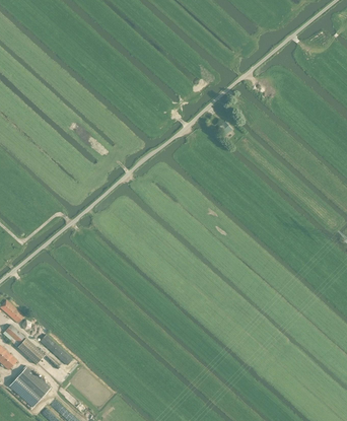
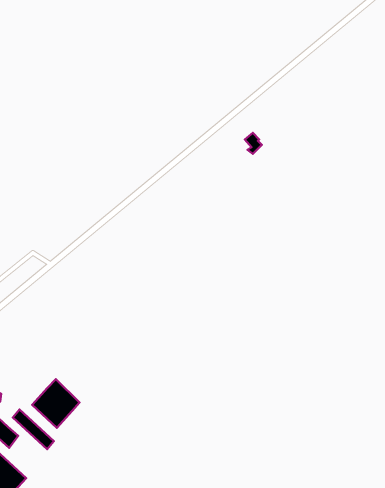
building: none -> [32,379,79,428]

